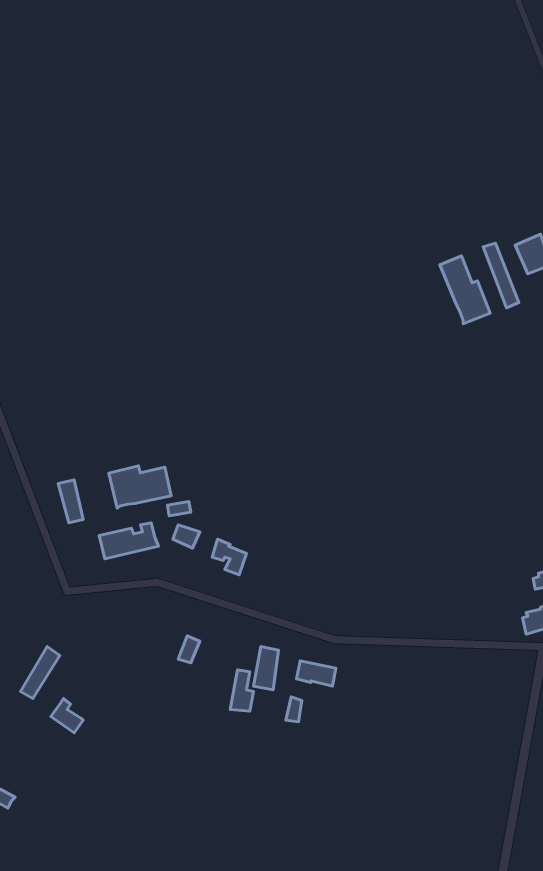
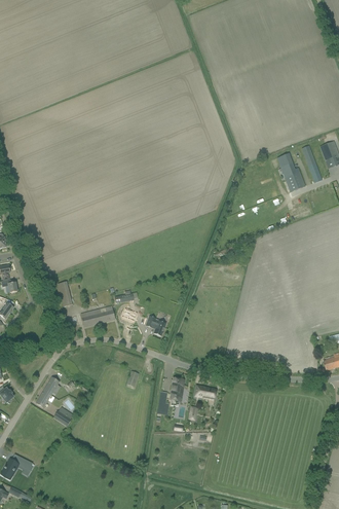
building: [109,466,171,508] -> none

